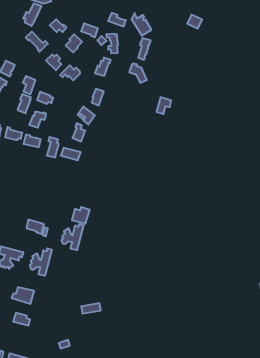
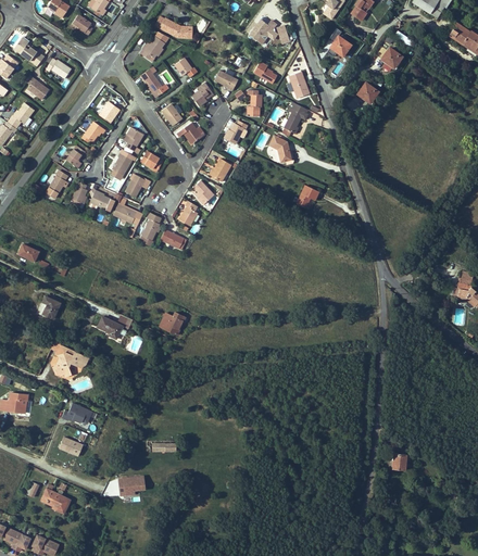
building: [62,224,84,250] -> none
building: [30,248,52,276] -> none

